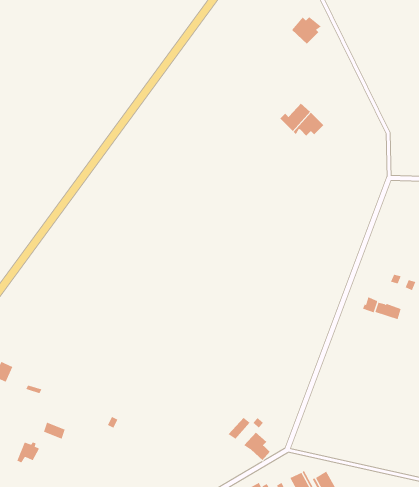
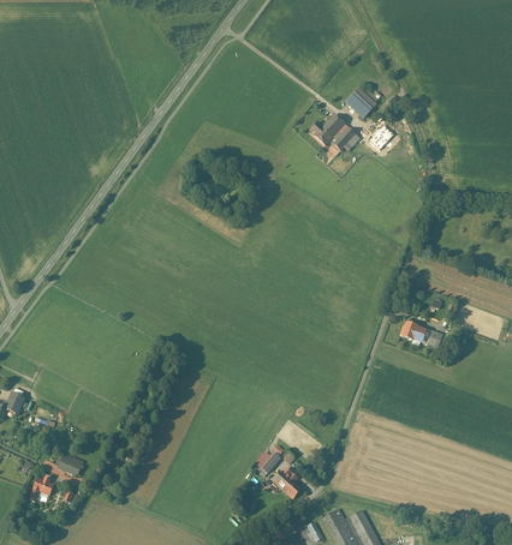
building: [291,16,321,44] -> [346,88,379,118]

